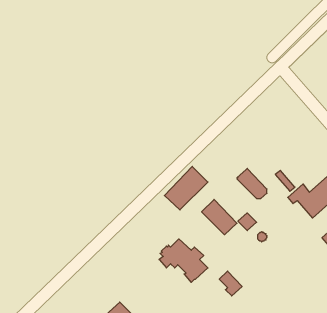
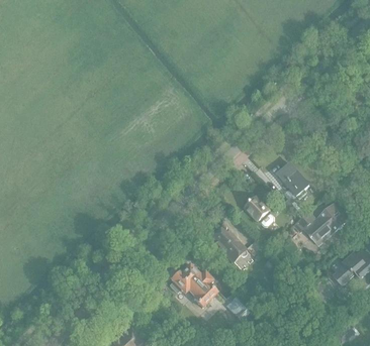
building: none -> [277,162,309,195]
building: [164,166,208,210] -> none

